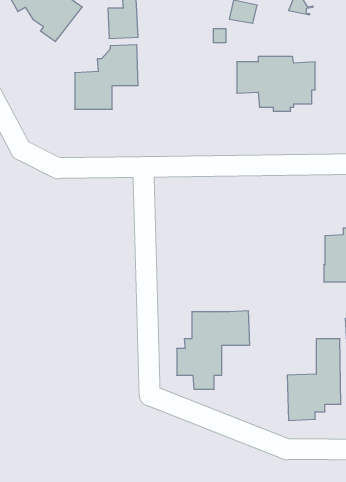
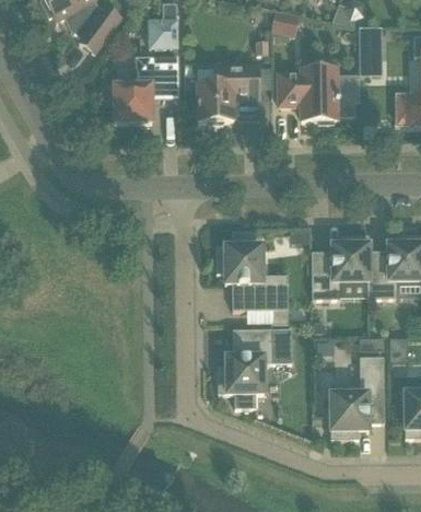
building: none -> [358,27,382,57]
building: none -> [198,67,259,125]
building: none -> [215,230,288,323]
building: none -> [312,234,370,298]

